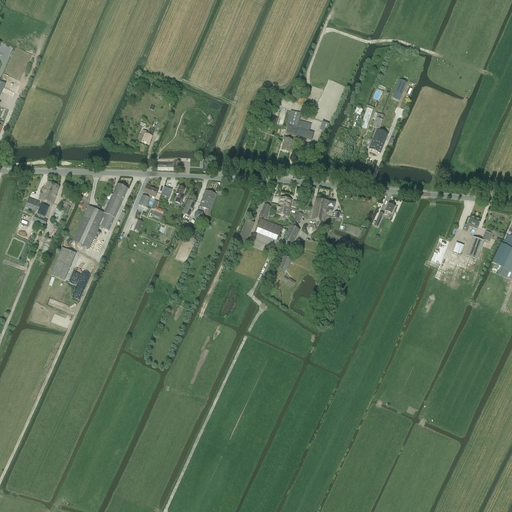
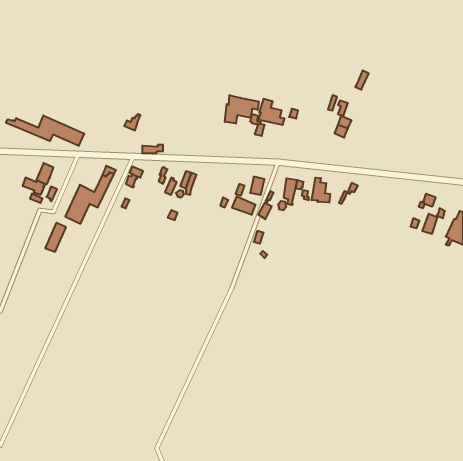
building: none -> [225,95,259,124]
building: none -> [6,115,84,146]
building: none -> [312,178,330,203]

